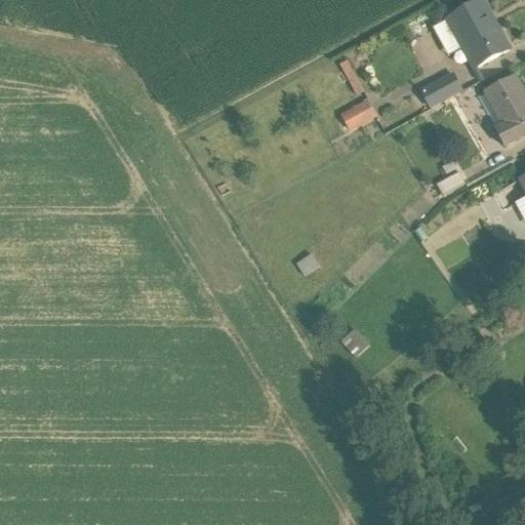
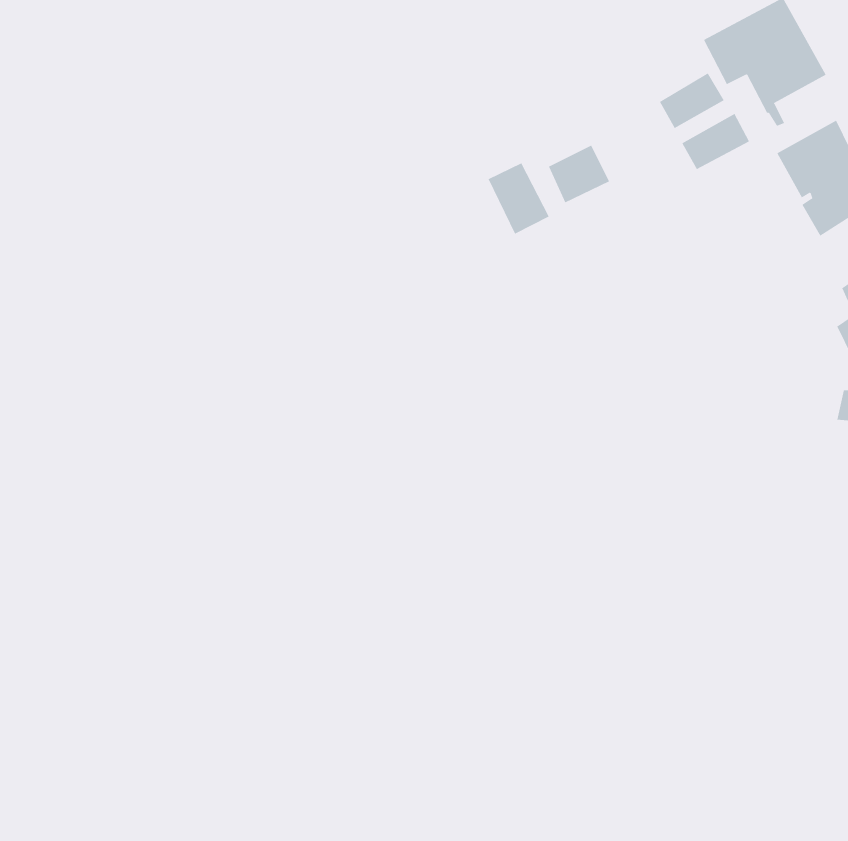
building: none -> [659,72,725,129]
building: none -> [488,163,550,235]

